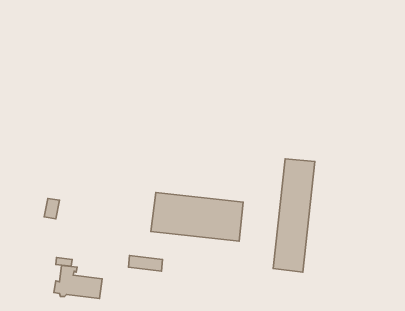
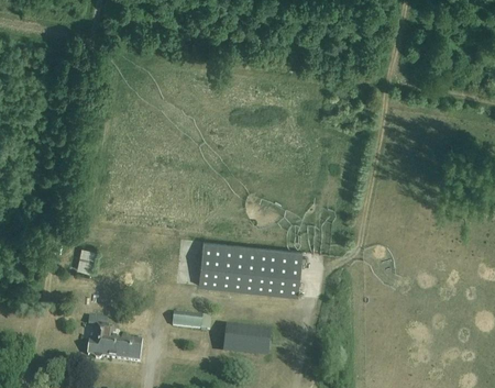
building: [273,159,315,272] -> none
building: none -> [221,326,268,359]

